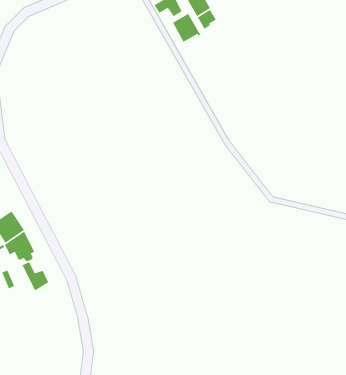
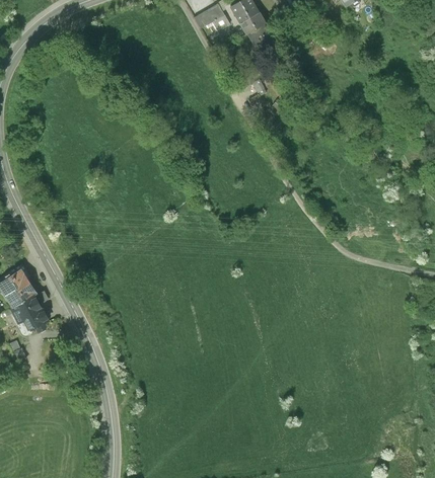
building: [172,13,201,43] -> none
building: [21,261,49,292] -> none

